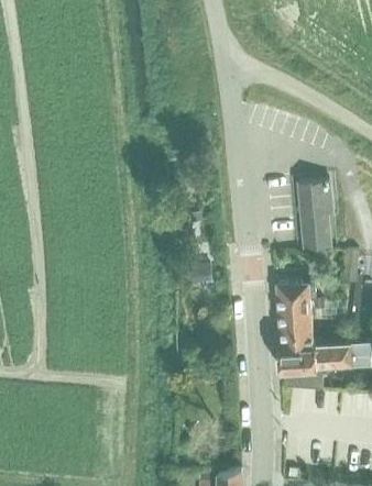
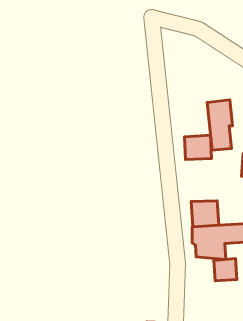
building: [276,281,311,313] -> [185,135,211,159]
building: none -> [214,259,237,281]

